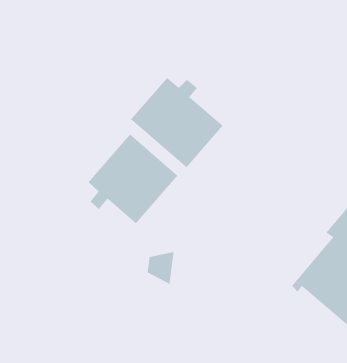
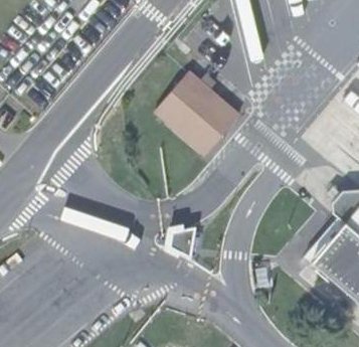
building: [88,133,178,224] -> none

